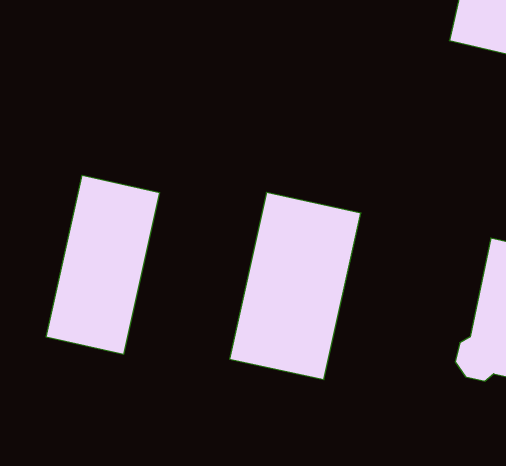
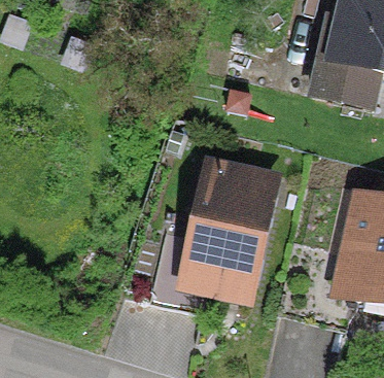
building: [46,175,159,354] -> none

